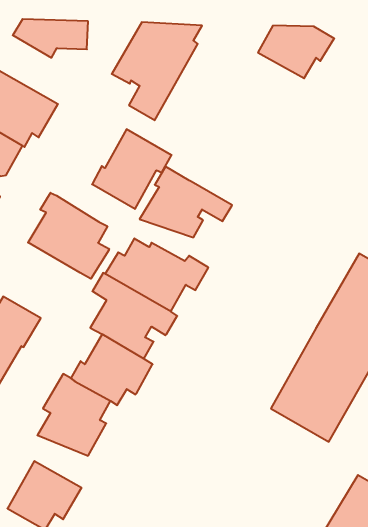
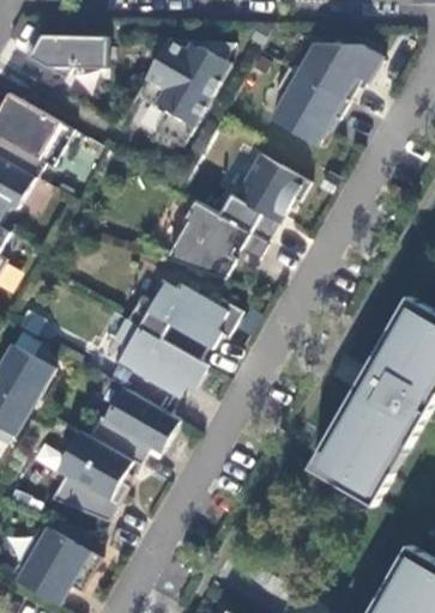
building: none -> [270,66,348,144]
building: [92,129,172,209] -> [219,153,308,242]
building: [28,193,109,279] -> none

